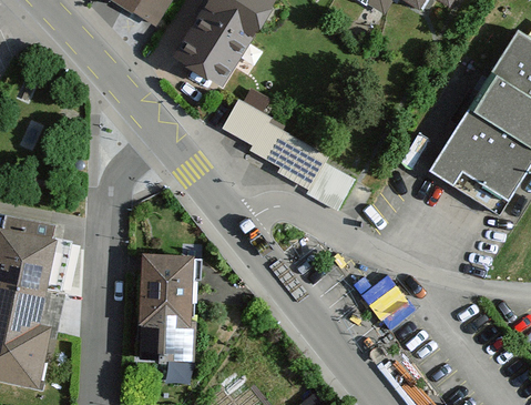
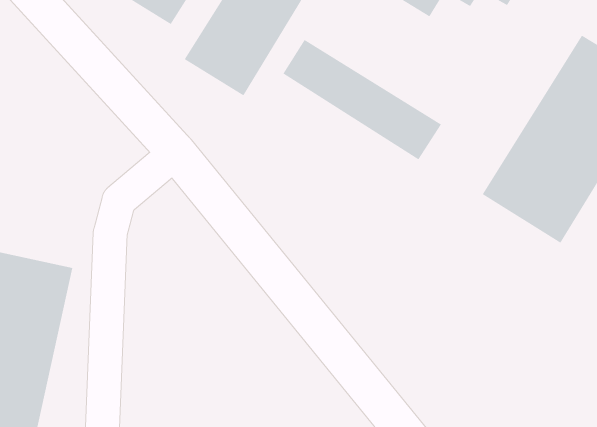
building: [218,104,357,210] -> [283,39,442,160]
building: [140,252,197,362] -> none

